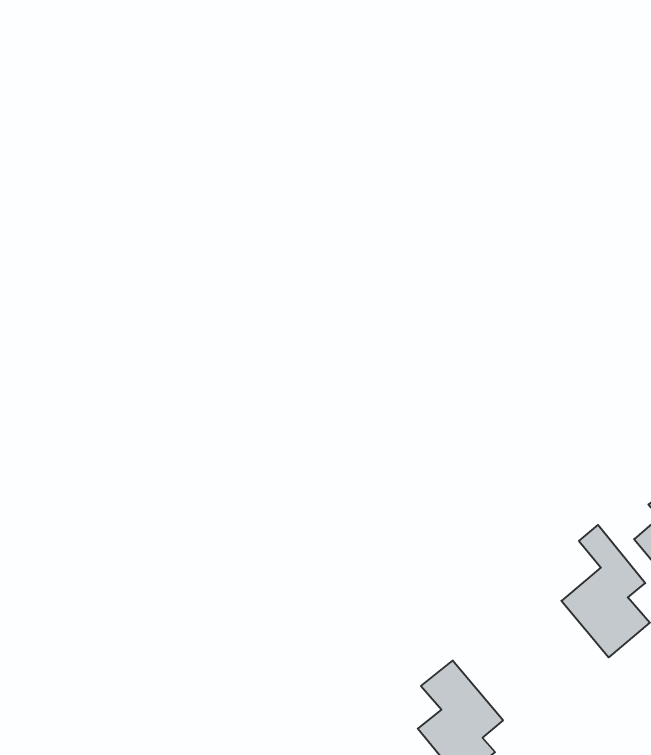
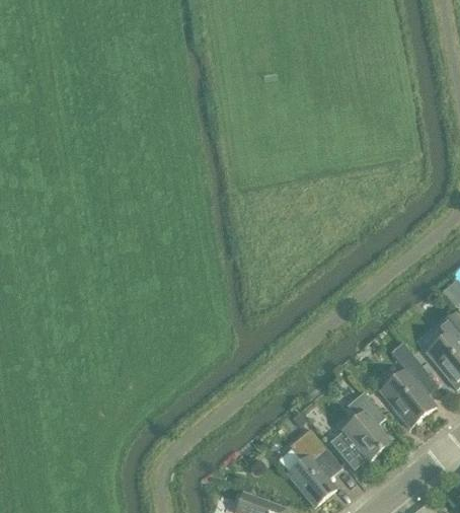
building: none -> [329,392,389,470]

